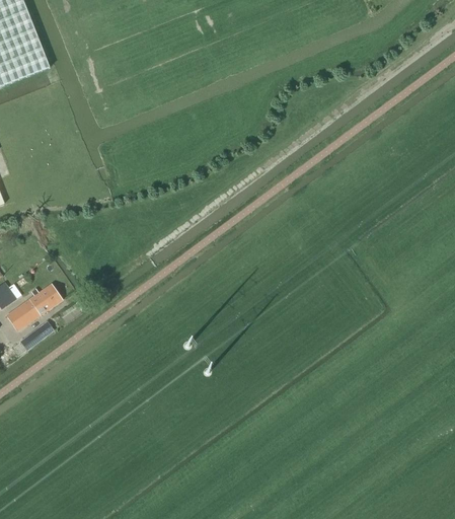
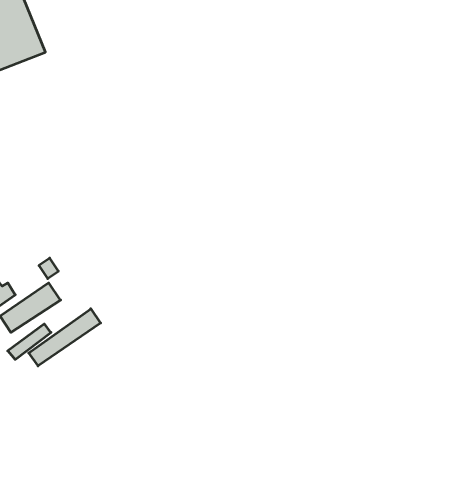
building: none -> [29,309,101,366]

